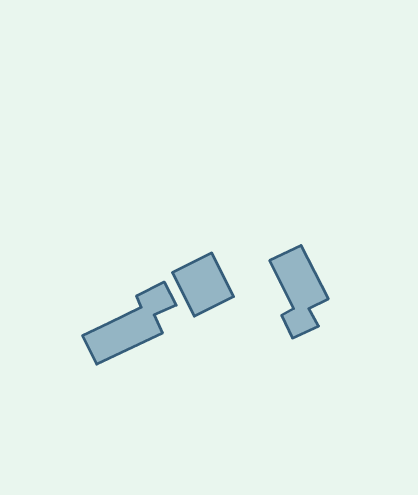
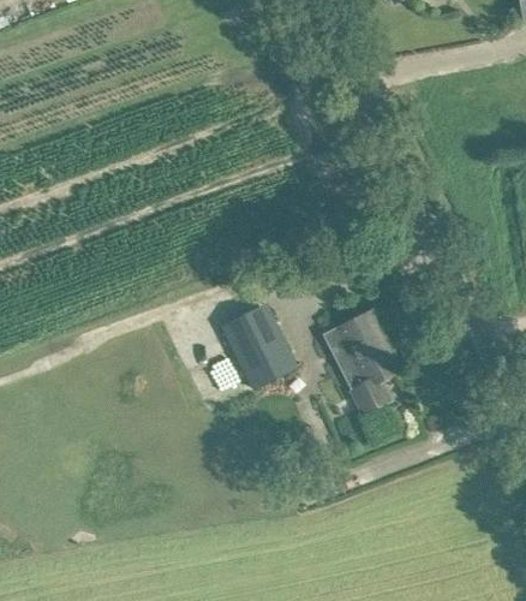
building: [83,282,176,364] -> none

